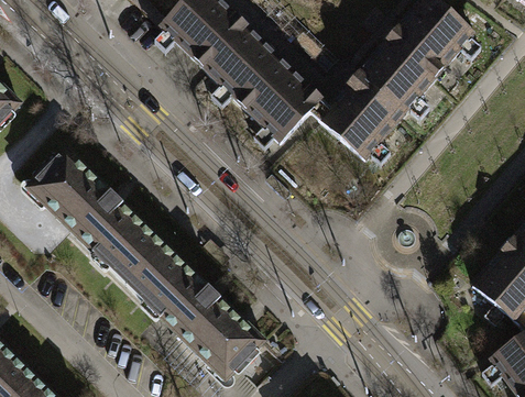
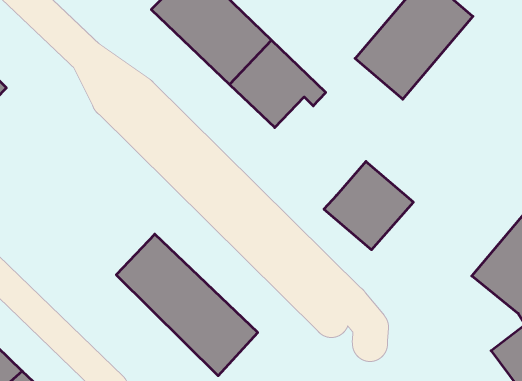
building: [318,71,405,157] -> [324,161,413,250]
building: [29,145,164,282] -> none

